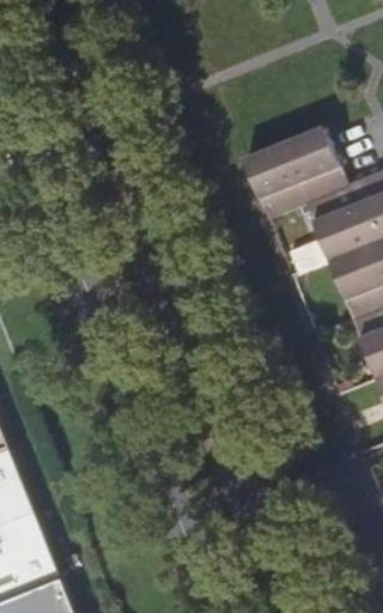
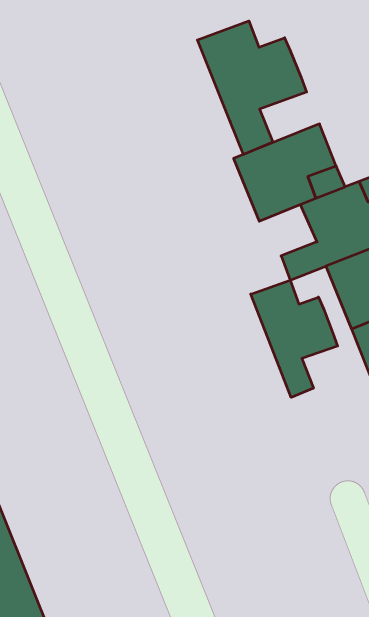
building: none -> [197,21,307,154]
building: none -> [251,280,338,397]

